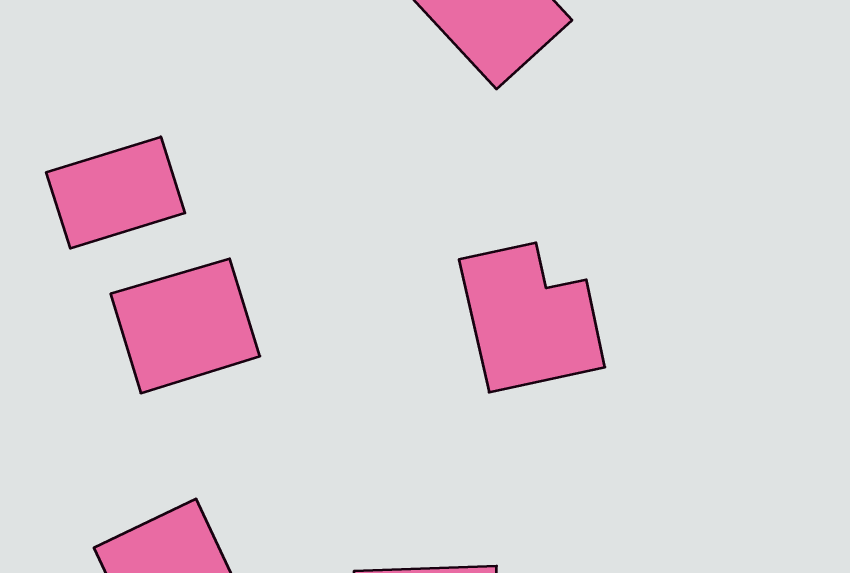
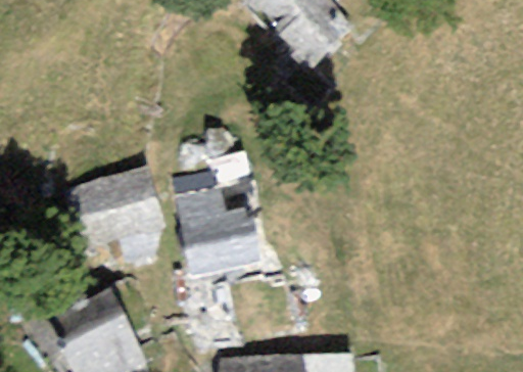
building: [46,137,185,248] -> none
building: [459,243,605,392] -> [173,188,262,279]

